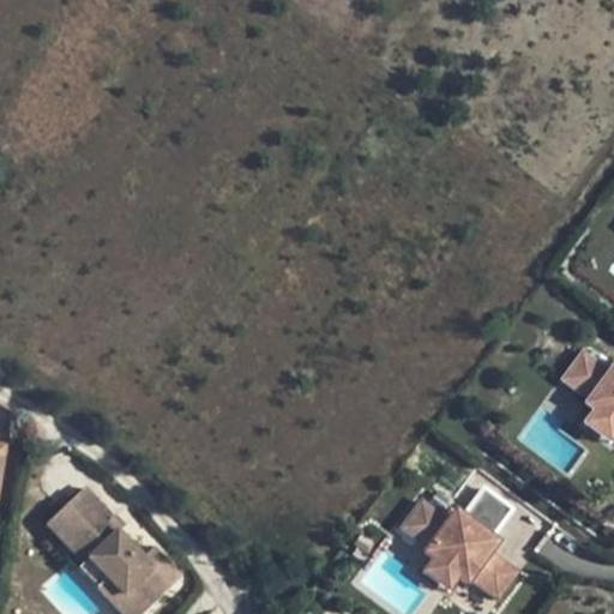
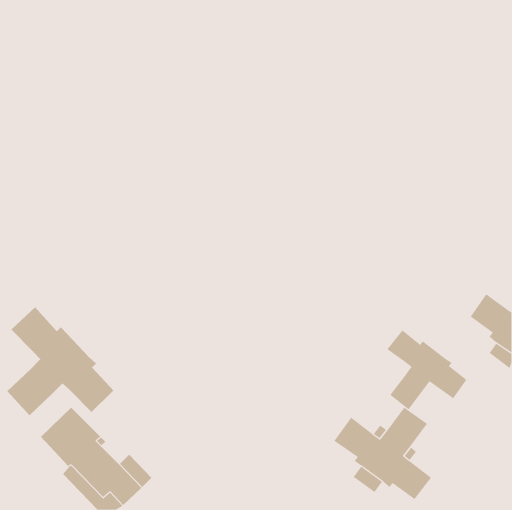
building: none -> [7,307,114,416]
building: none -> [387,329,467,410]

